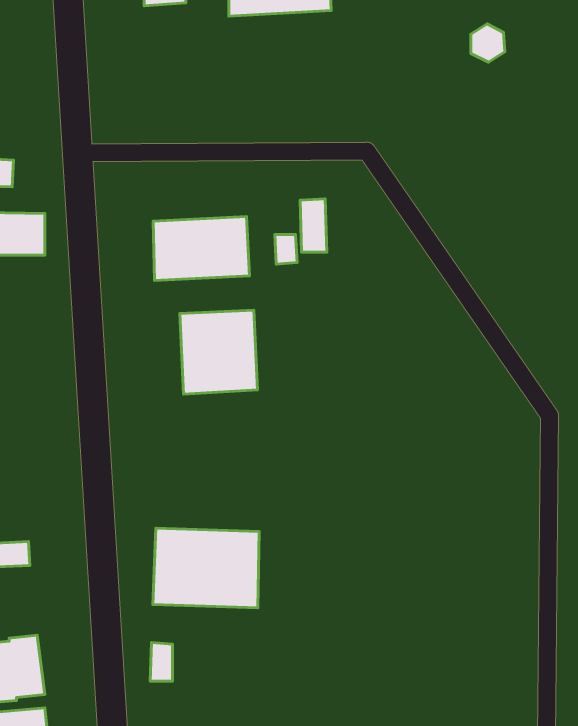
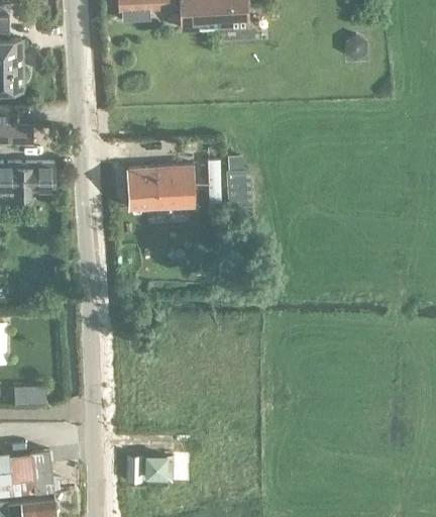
building: [180,310,257,394] -> none
building: [153,528,259,608] -> none
building: none -> [141,455,172,482]

